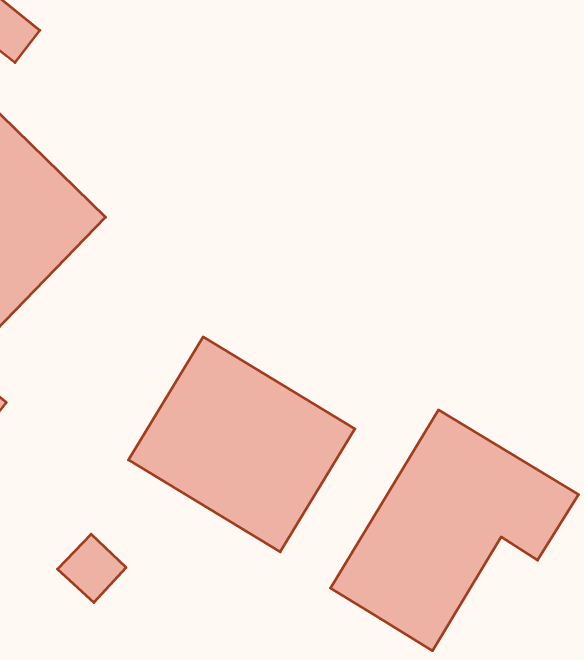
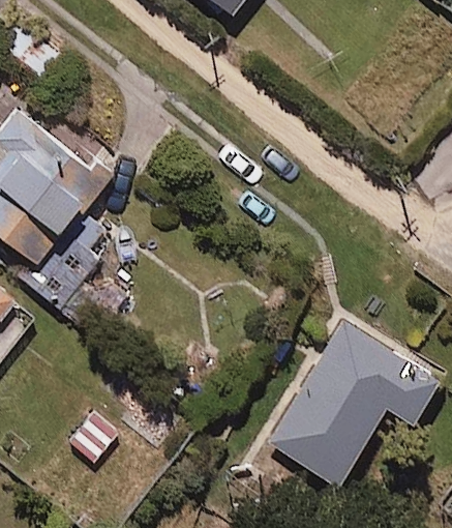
building: [128,337,355,552] -> none

